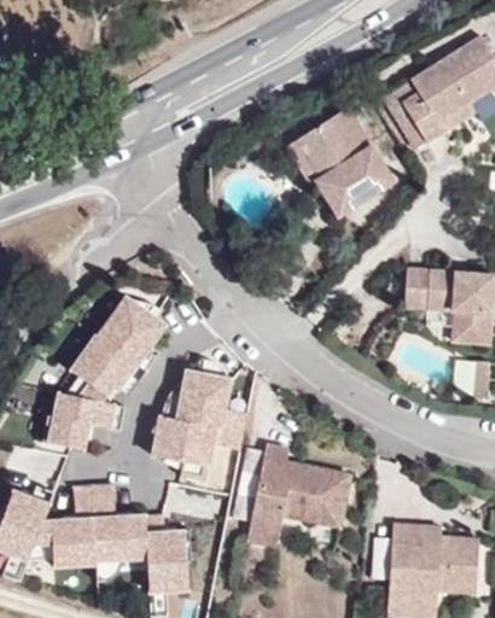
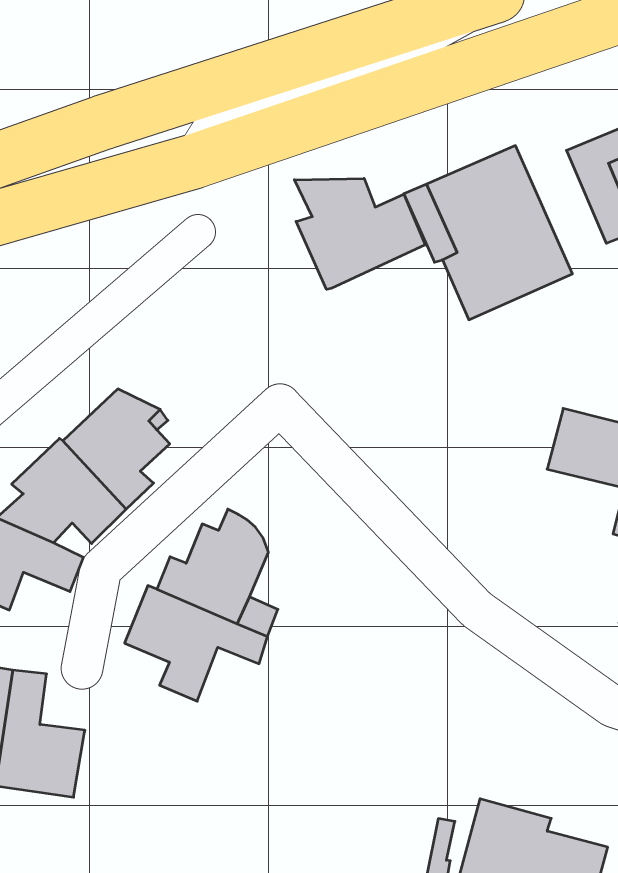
building: none -> [294,178,425,289]
building: [246,442,353,546] -> none
building: [139,519,182,596] -> none

